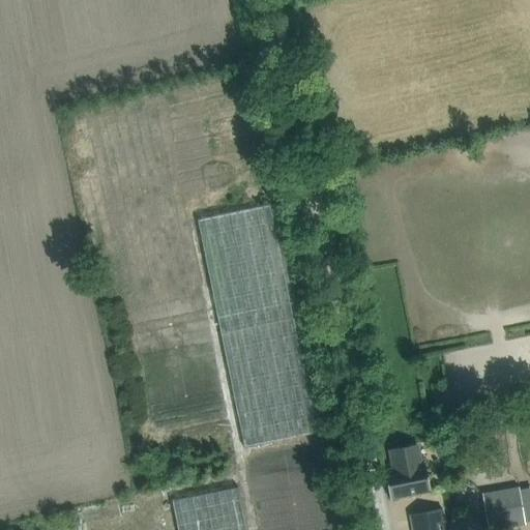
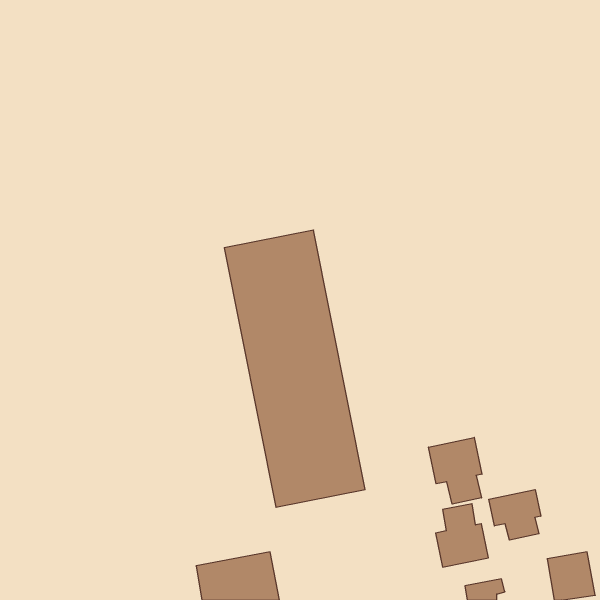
building: none -> [429,437,482,504]
building: none -> [489,490,541,540]

